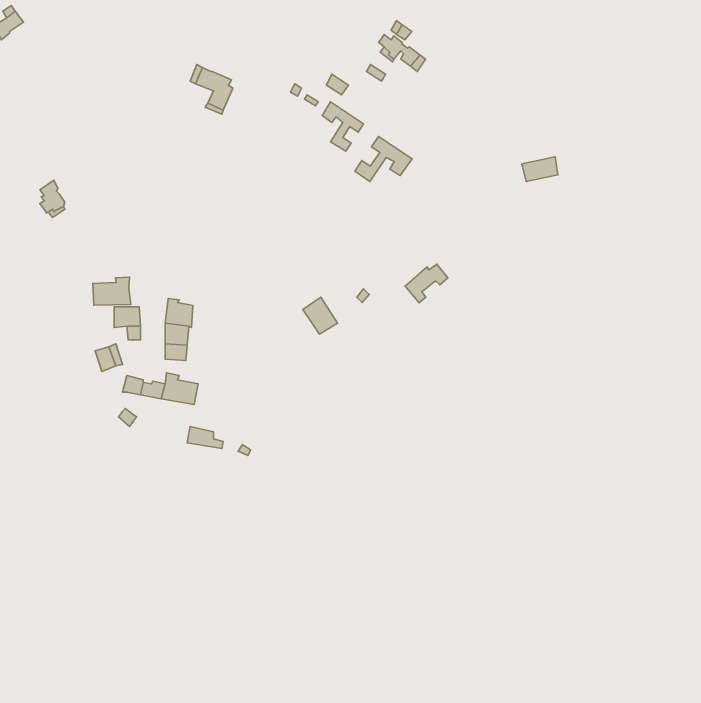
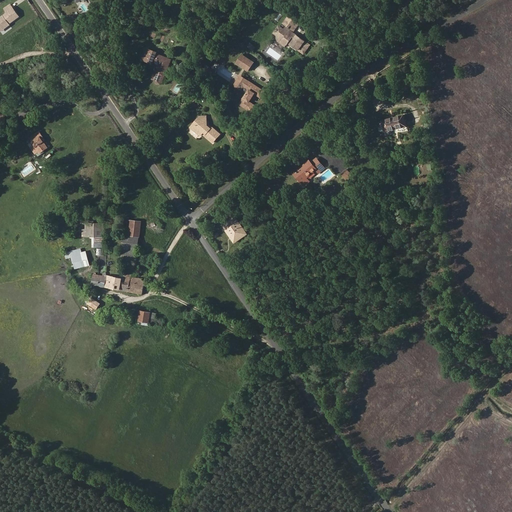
building: [355,136,412,182] -> none
building: none -> [190,116,219,144]
building: [405,264,448,303] -> [292,158,323,186]
building: [93,277,131,305] -> none

